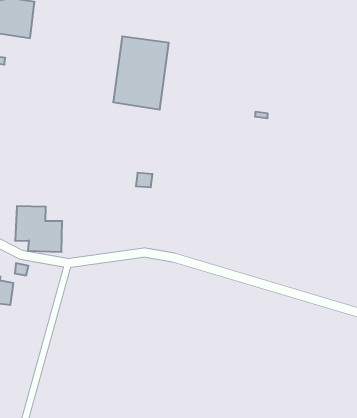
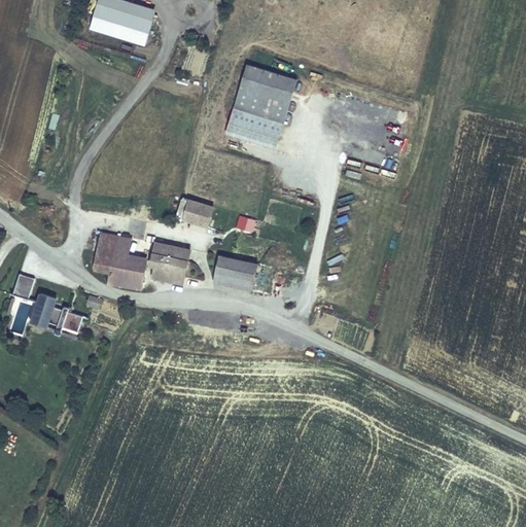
building: none -> [175,196,214,227]
building: none -> [147,240,192,285]
building: none -> [213,253,273,290]

